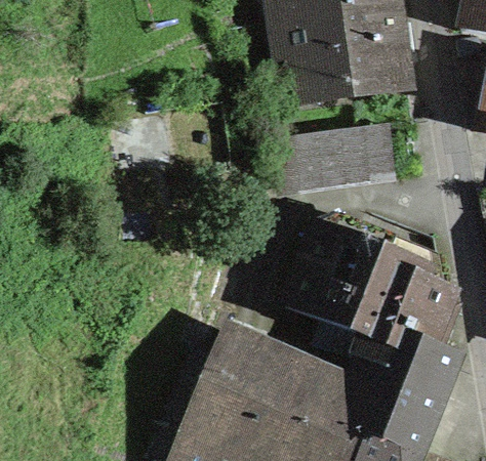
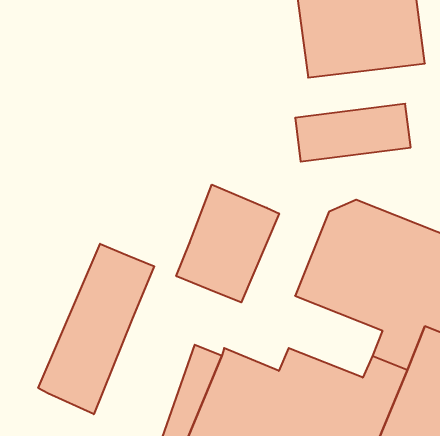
building: none -> [176,185,279,302]
building: none -> [38,244,154,414]

